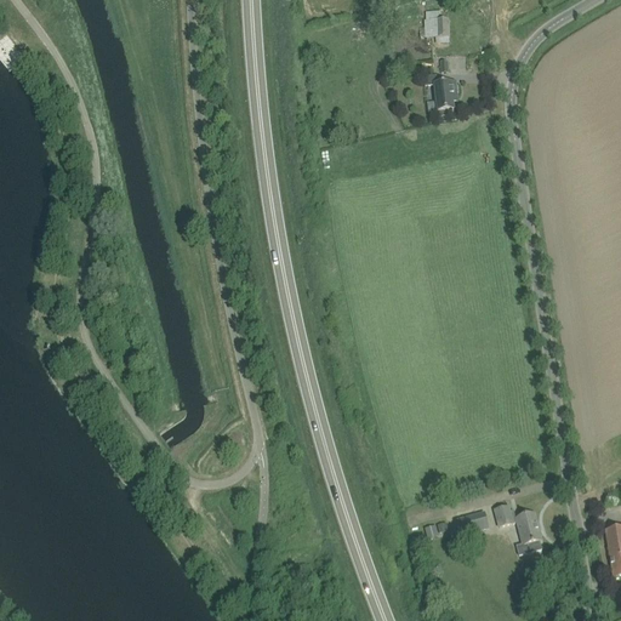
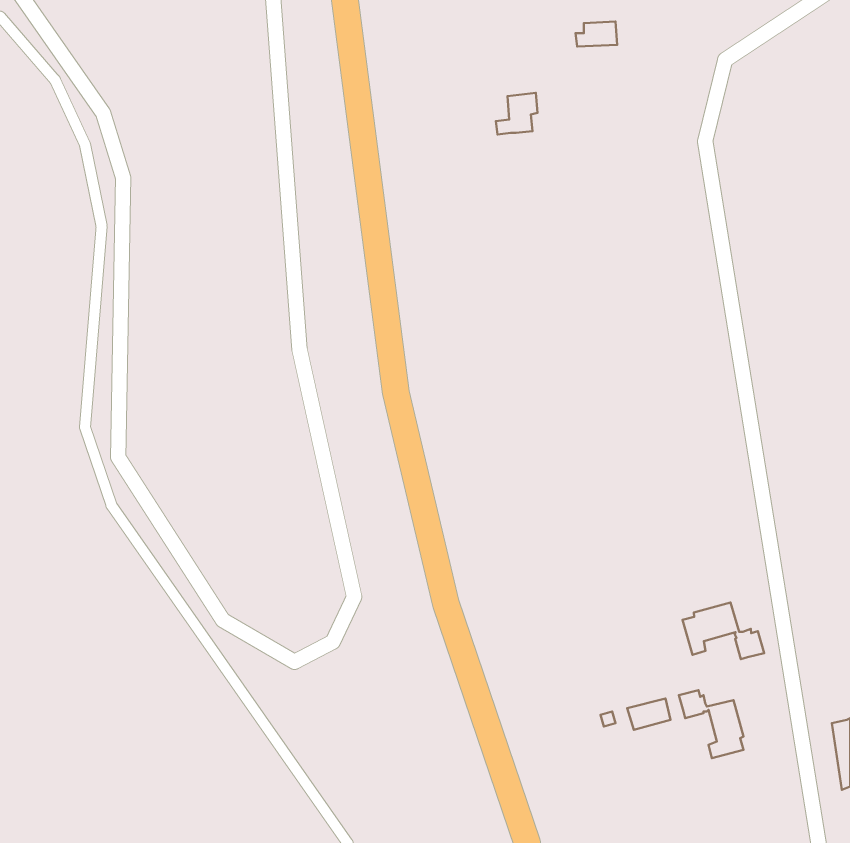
building: [427,79,457,109] -> [496,93,537,134]
building: none -> [683,603,764,659]

